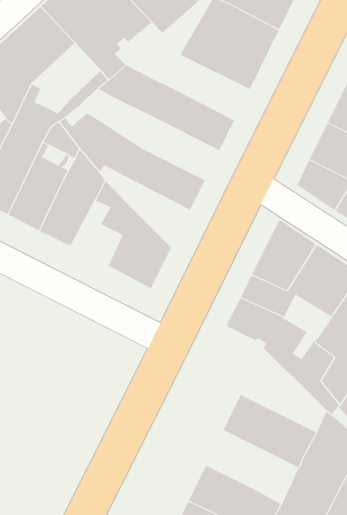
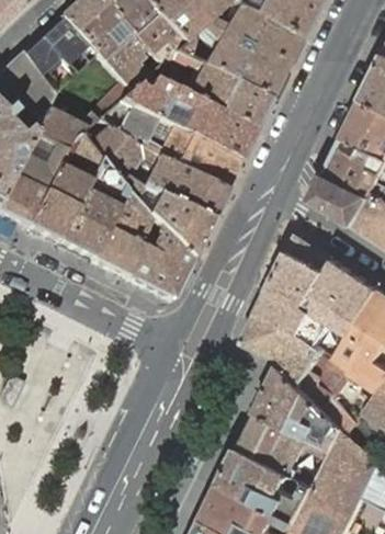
building: none -> [147,30,272,128]
building: none -> [99,96,241,189]
building: none -> [121,174,212,257]
building: none -> [91,209,143,275]
building: none -> [306,305,354,349]
building: none -> [262,359,349,443]
building: none -> [227,441,320,515]

